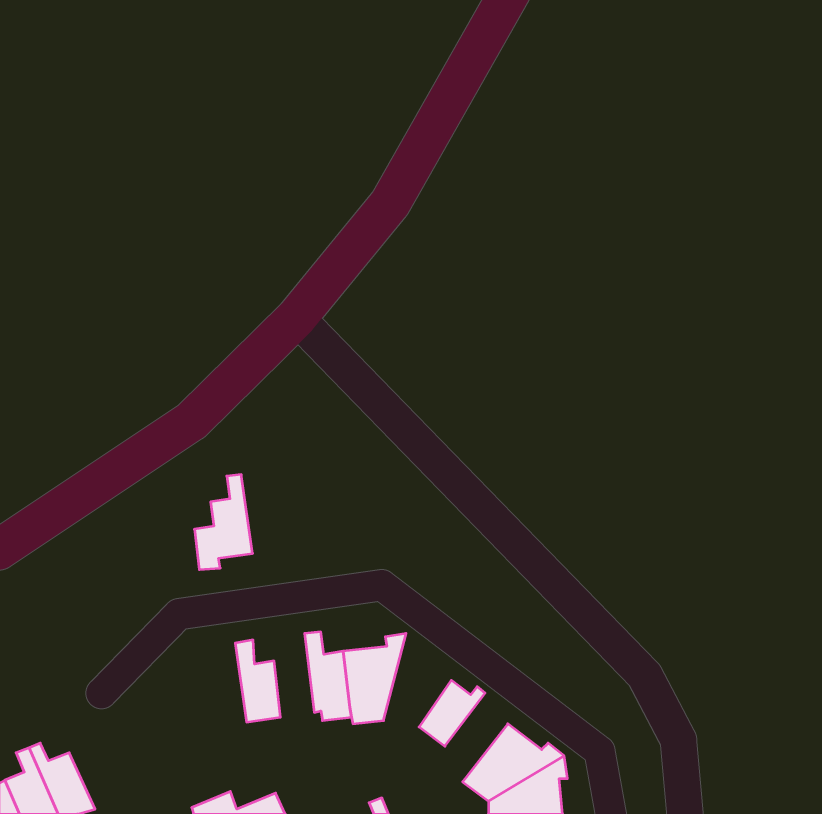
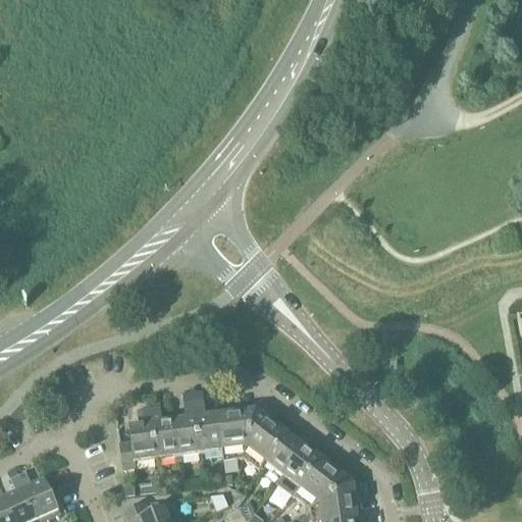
building: [194,475,253,570] -> [119,407,156,467]
building: none -> [173,401,199,454]
building: none -> [243,401,285,468]
building: none -> [274,438,321,494]

